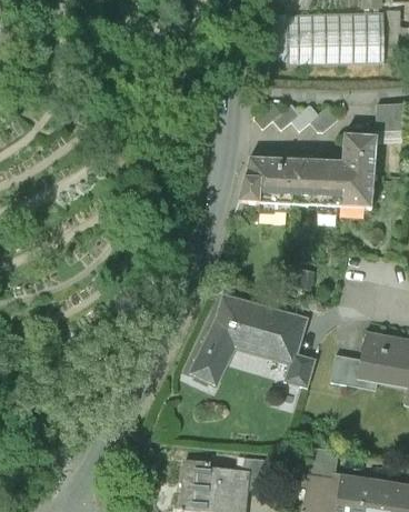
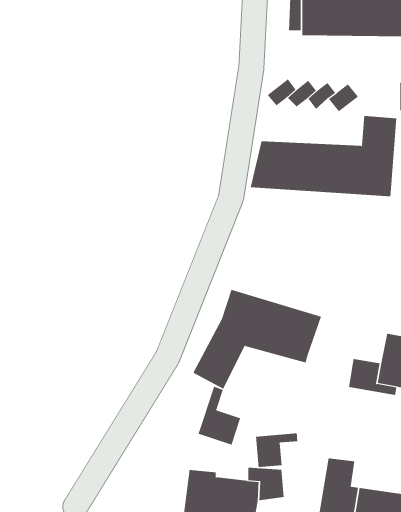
building: [285,355,313,389] -> none
building: none -> [198,386,241,446]
building: none -> [255,432,298,468]

